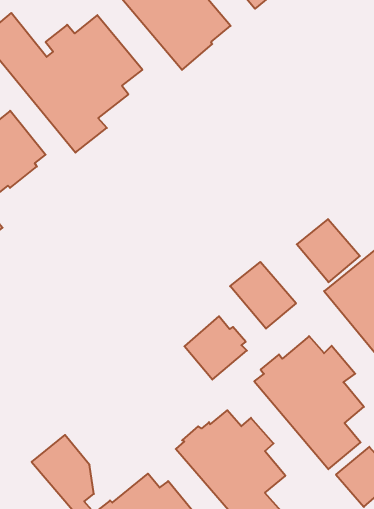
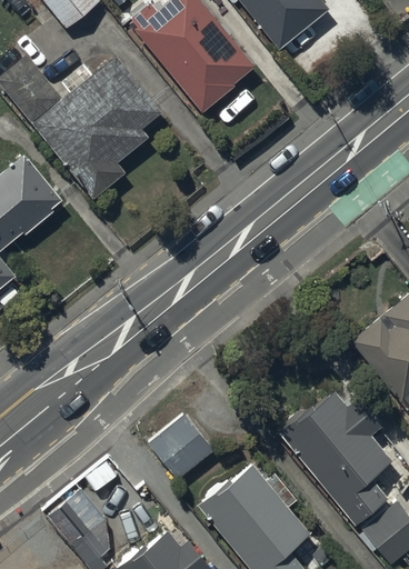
building: [297,219,360,282] -> none
building: [230,262,296,329] -> none
building: [184,316,247,380] -> [149,413,213,479]

